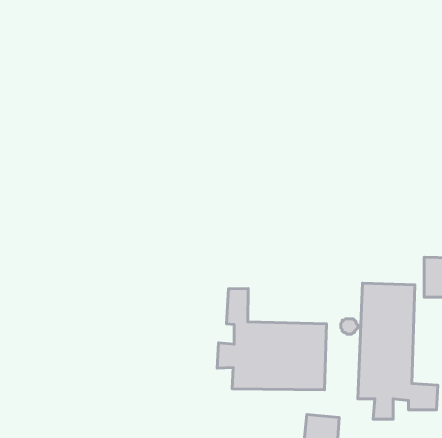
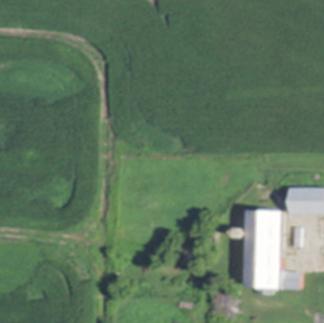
building: [217,289,326,390] -> none

